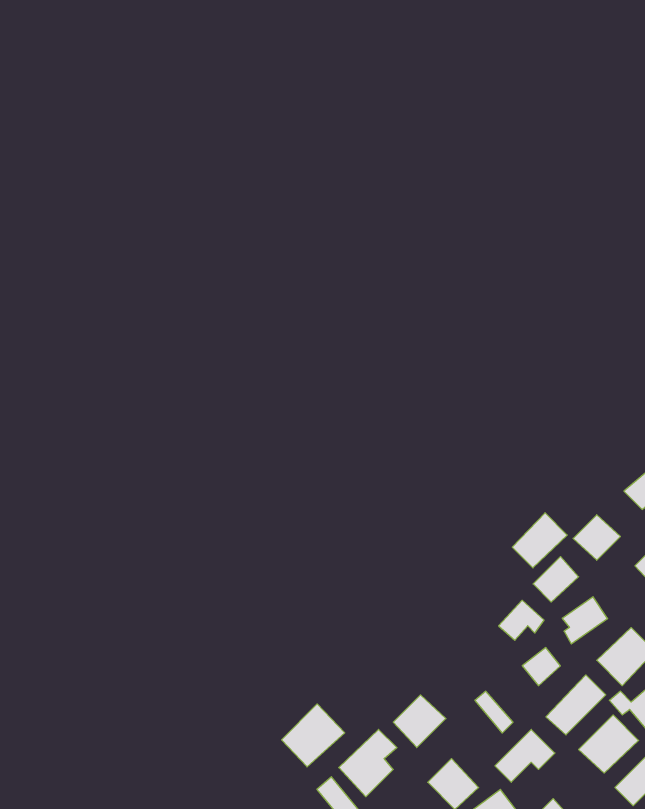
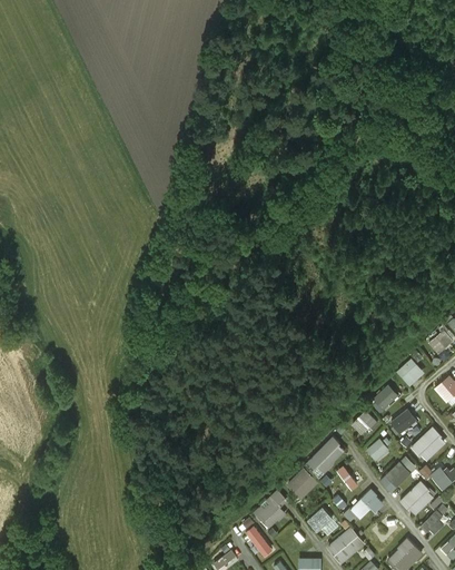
building: [512,513,567,568] -> none
building: none -> [305,436,346,478]
building: [282,704,345,767] -> none

